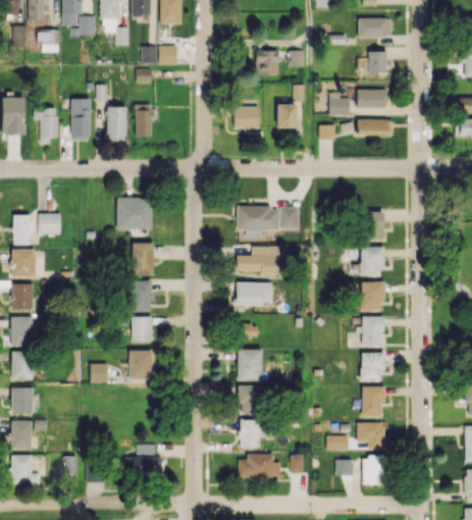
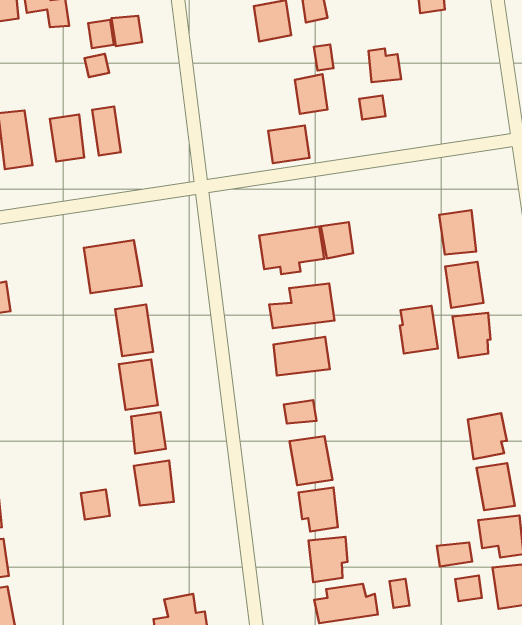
building: [357,89,386,108] -> none
building: [234,107,260,129] -> [268,125,310,163]
building: [357,119,392,136] -> none
building: [360,316,383,346] -> [400,306,438,353]

